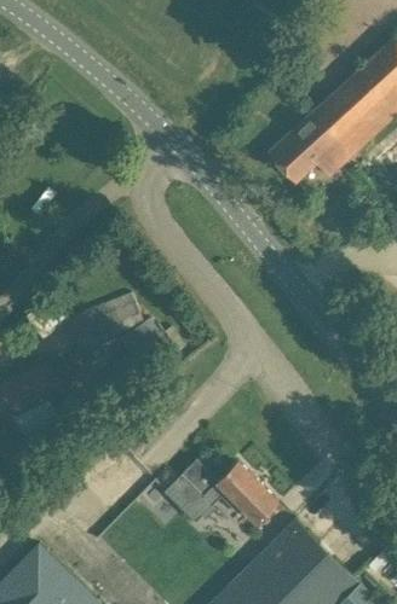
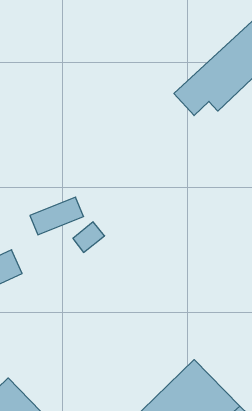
building: [166,459,278,523] -> none

